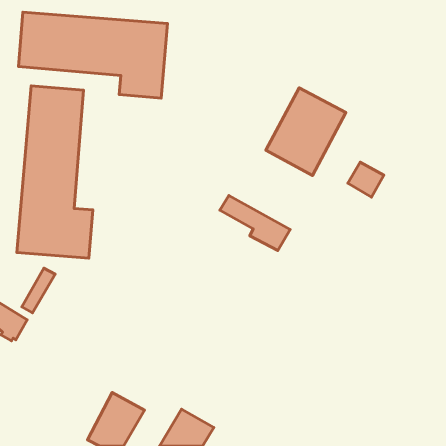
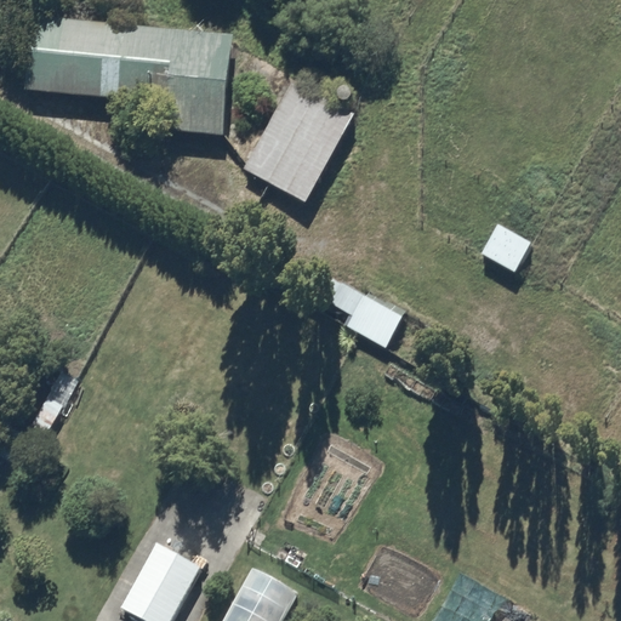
building: [17,86,93,258] -> none
building: [266,88,346,176] -> [243,81,353,203]

